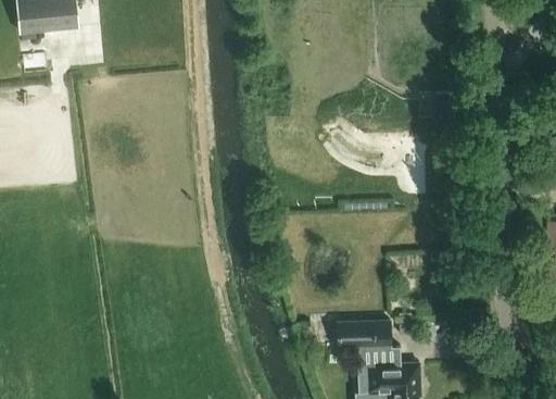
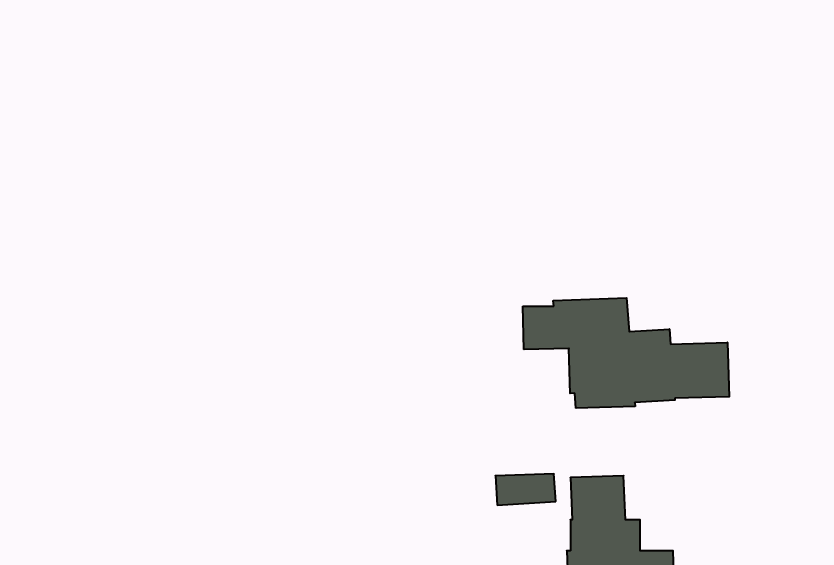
building: none -> [523,298,729,408]

